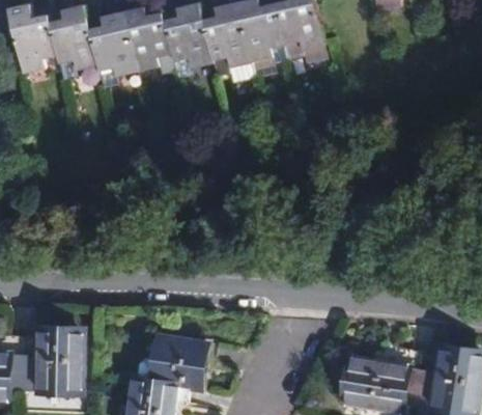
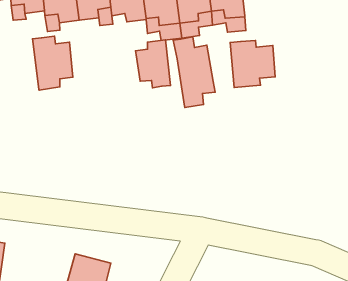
building: none -> [230,40,275,88]
building: none -> [173,37,215,107]
building: none -> [136,40,171,88]
building: none -> [33,36,73,90]

